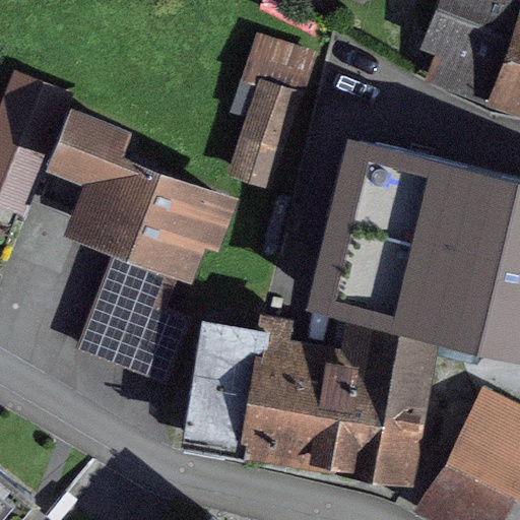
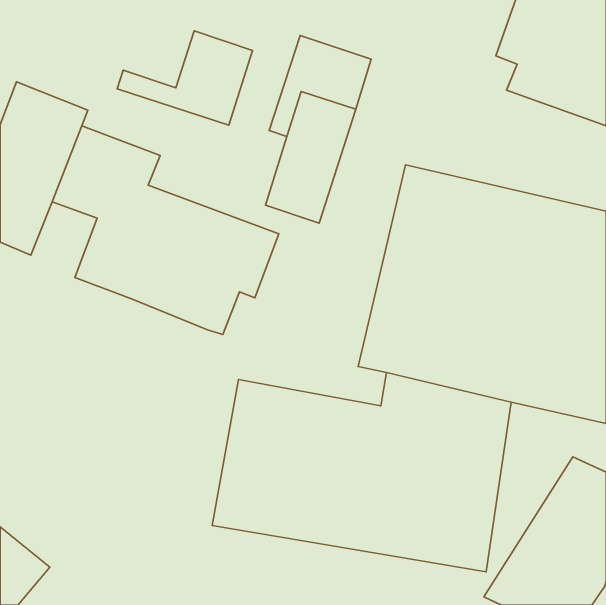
building: none -> [117,31,252,125]
building: [76,256,194,383] -> none

